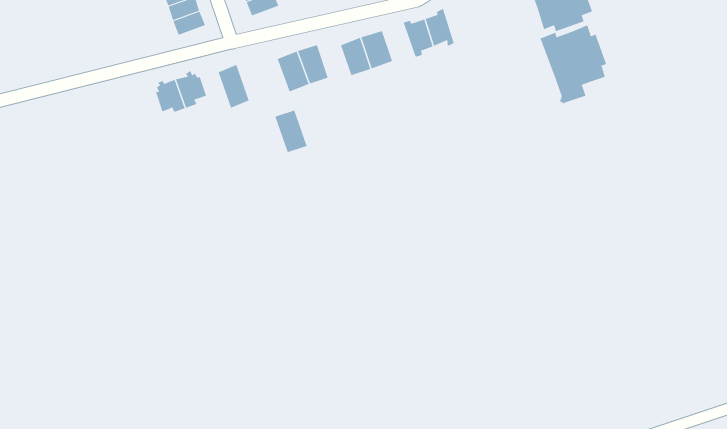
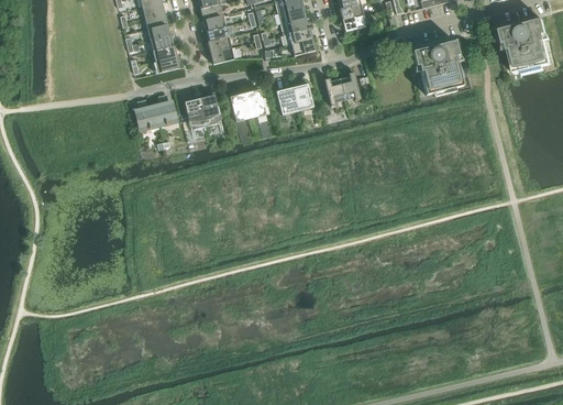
building: [540,24,607,104] -> none
building: [274,110,307,153] -> [199,94,221,124]

